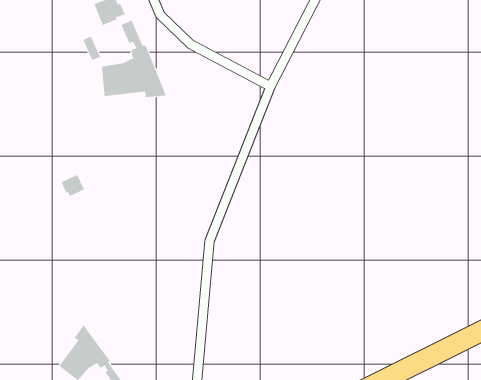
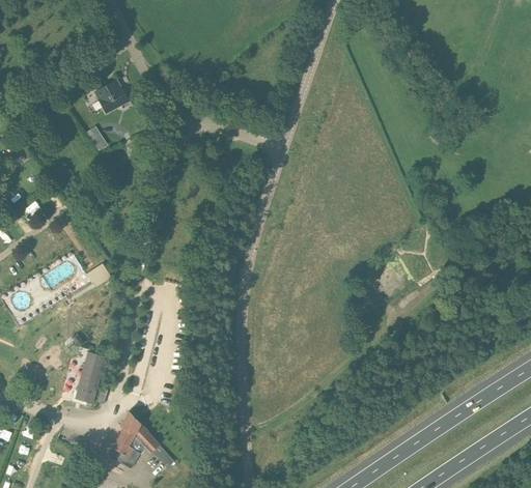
building: [101,20,166,98] -> none
building: none -> [74,351,104,404]

